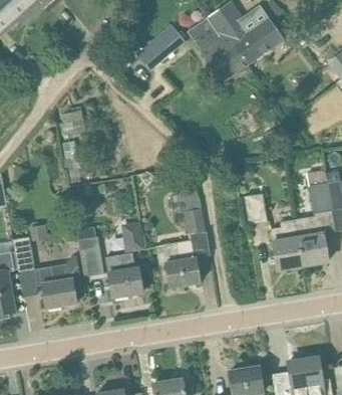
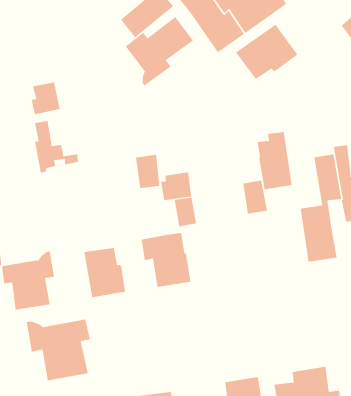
building: none -> [125,16,194,86]
building: none -> [235,24,298,80]
building: [271,218,302,269] -> [257,131,292,190]
building: [121,220,143,250] -> [135,154,160,188]
building: [77,235,104,275] -> none
building: none -> [26,319,90,381]

